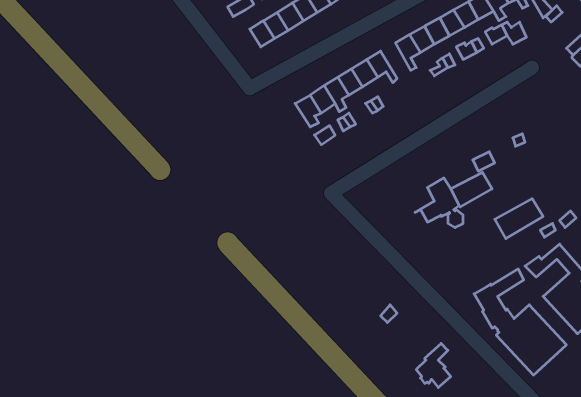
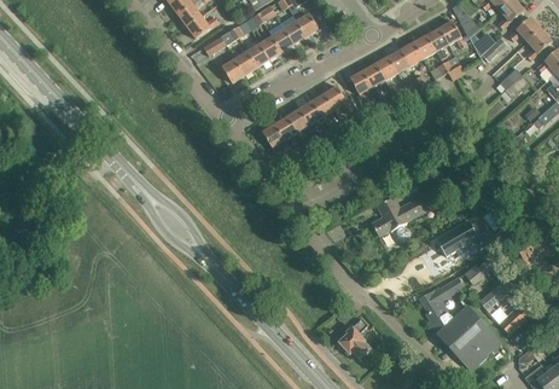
building: [416,343,451,388] -> [339,318,369,356]

